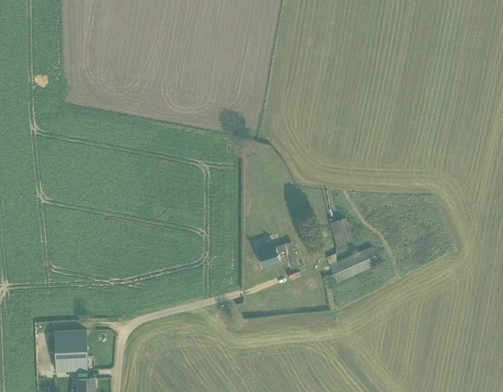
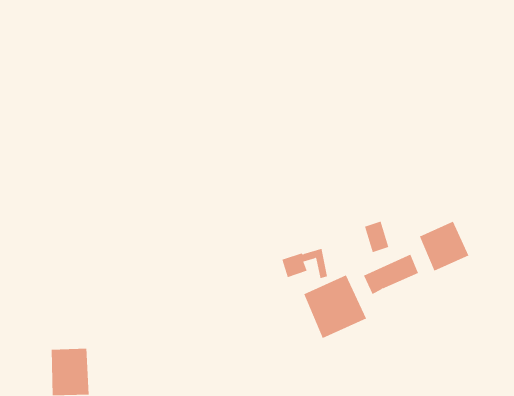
building: none -> [419,221,469,272]
building: none -> [303,275,367,339]

